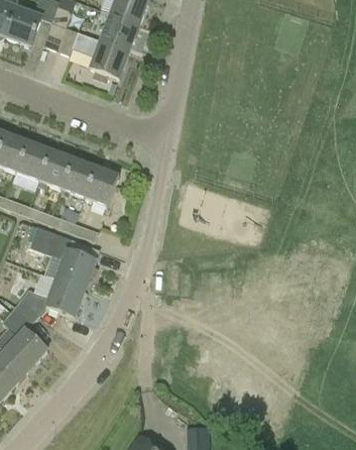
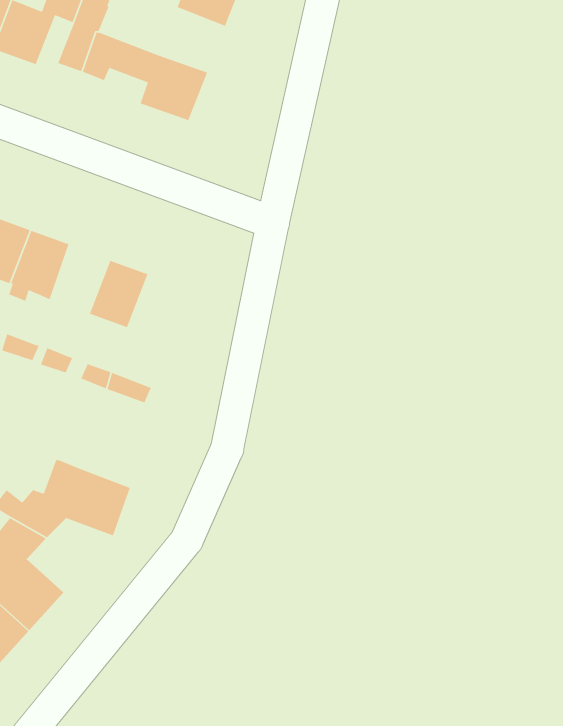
building: [101,12,139,49] -> none
building: [37,148,73,189] -> none
building: [83,165,118,206] -> none
building: [26,225,95,289] -> none

